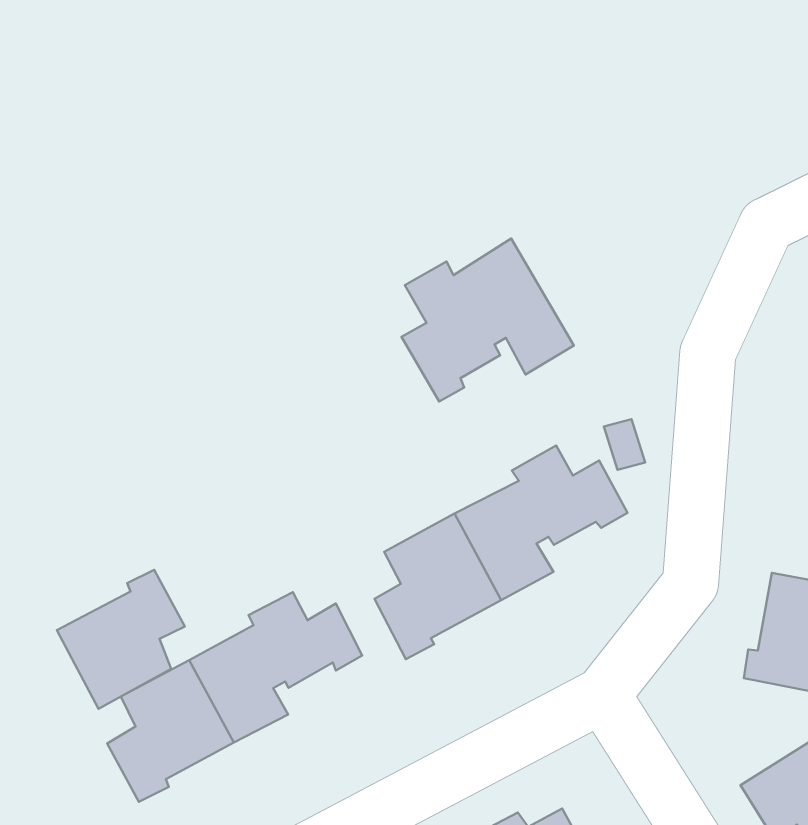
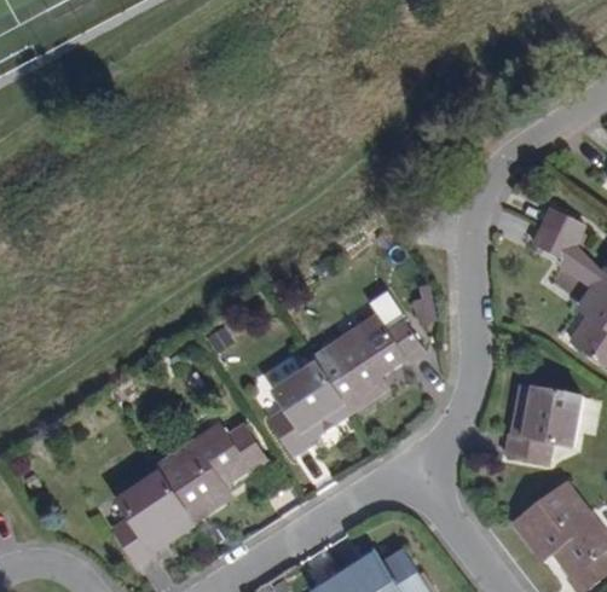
building: [401,238,574,401] -> none
building: [57,570,185,709] -> none

